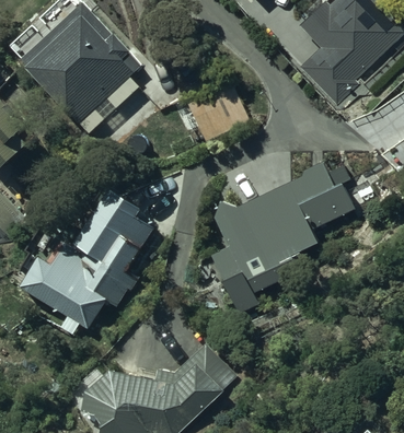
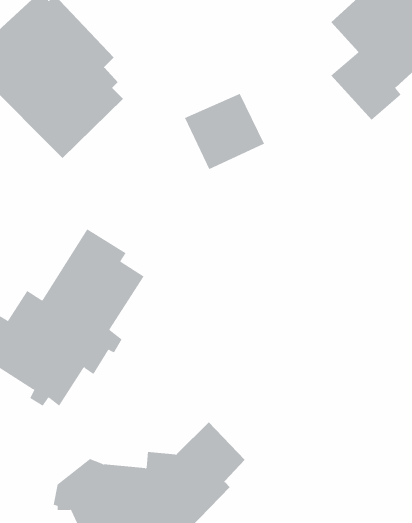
building: [212,163,355,313] -> none

